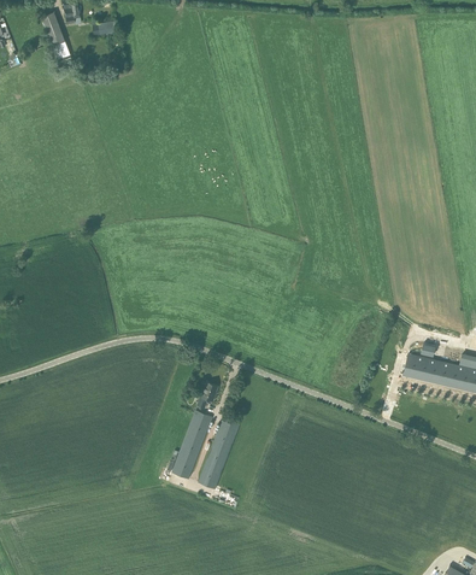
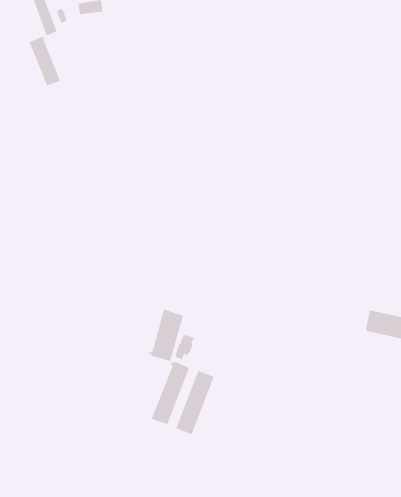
building: none -> [29,36,61,86]
building: none -> [148,308,184,362]

